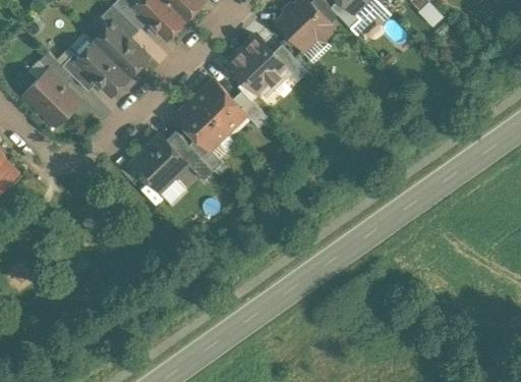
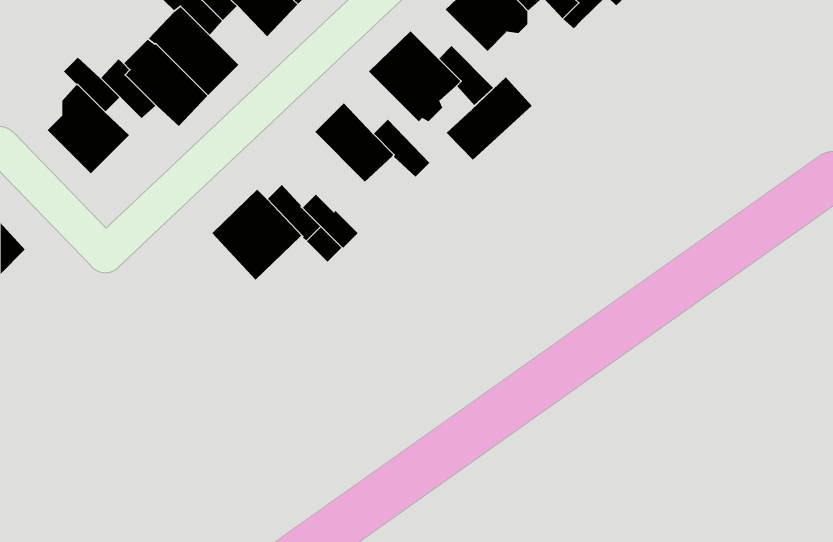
building: none -> [446,76,533,160]
building: [178,99,228,149] -> none

